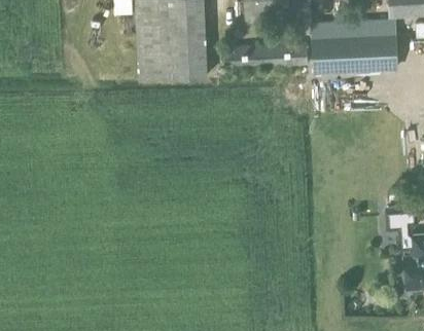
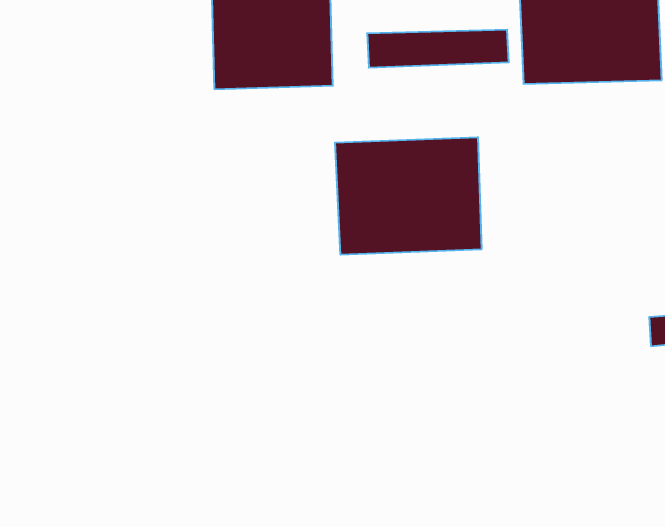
building: none -> [335,137,481,255]

